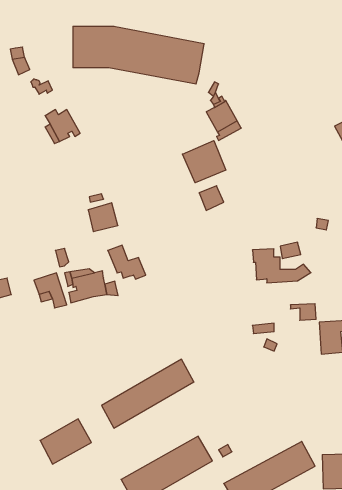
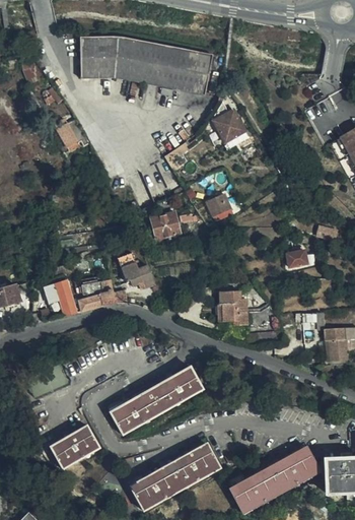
building: [182,141,226,183] -> none
building: [88,203,118,232] -> [150,210,180,239]
building: [252,249,311,283] -> [218,290,276,324]

